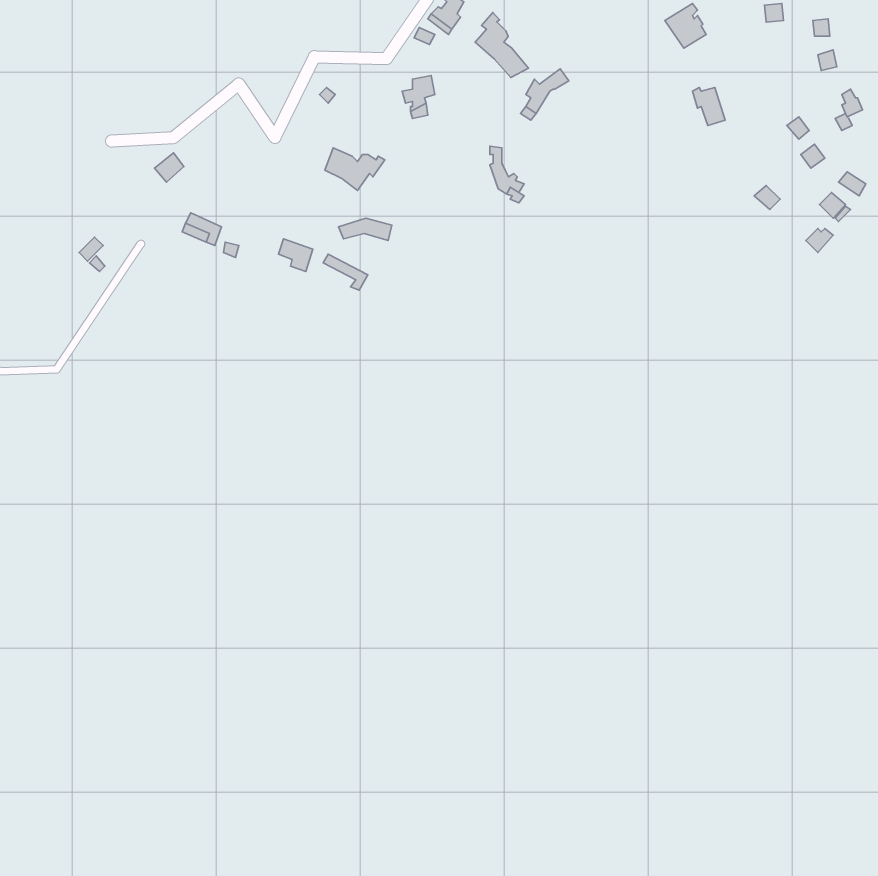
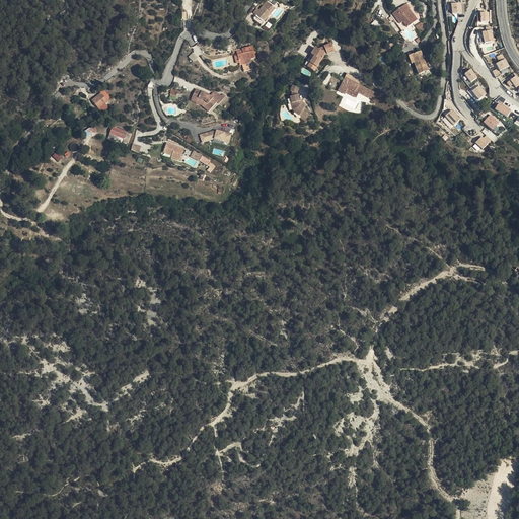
building: [475,12,529,78] -> none
building: none -> [338,72,374,97]

